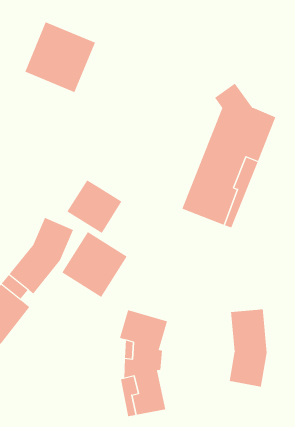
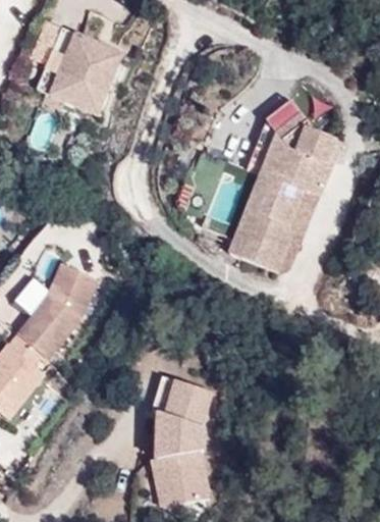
building: [66,179,122,234] -> none
building: [61,231,127,298] -> none
building: [229,308,267,387] -> none

